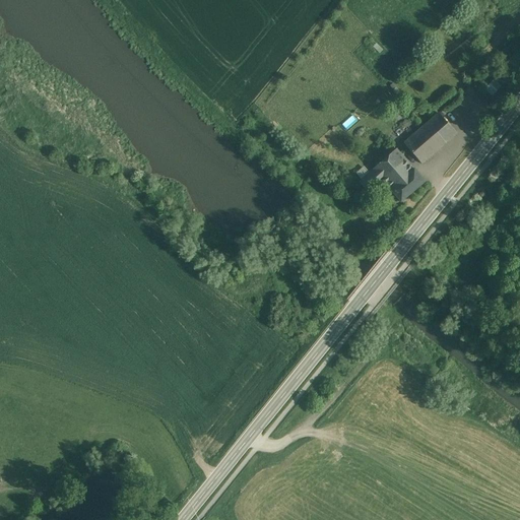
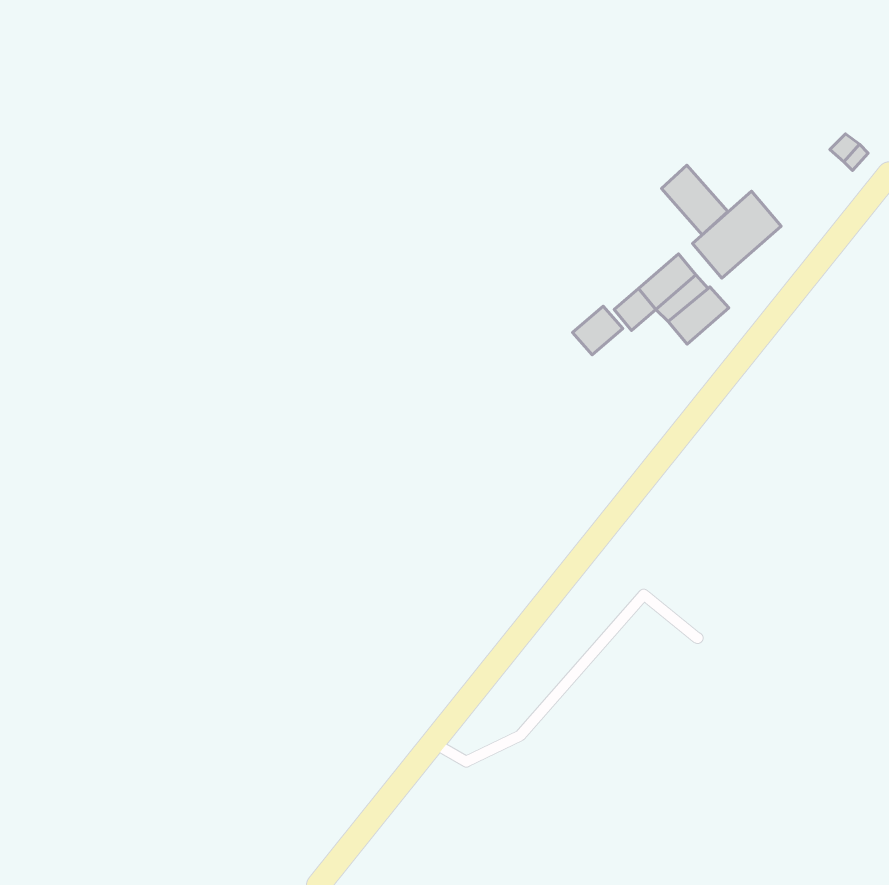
building: none -> [662,165,728,235]
building: none -> [573,306,623,355]

